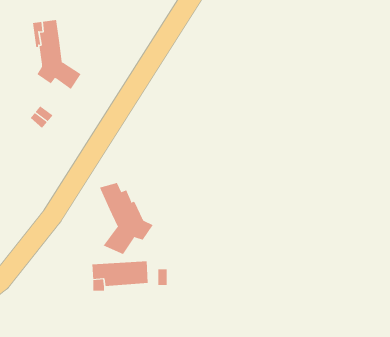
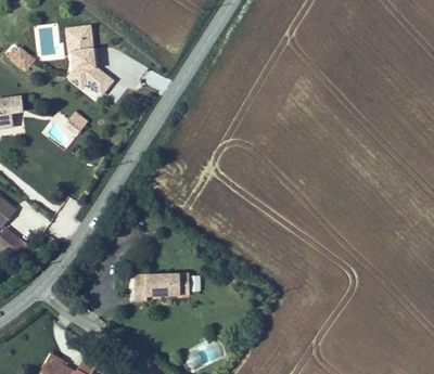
building: [99,182,154,255] -> none

